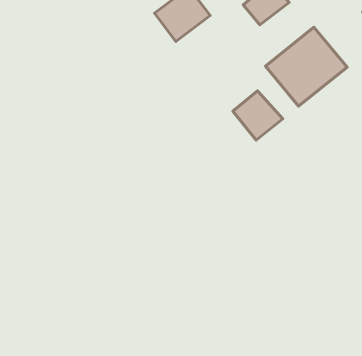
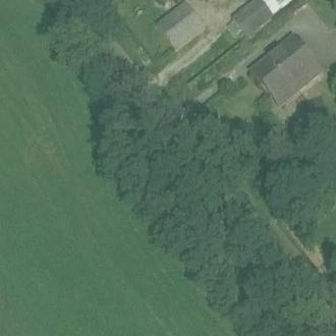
building: [233,91,283,140] -> none

